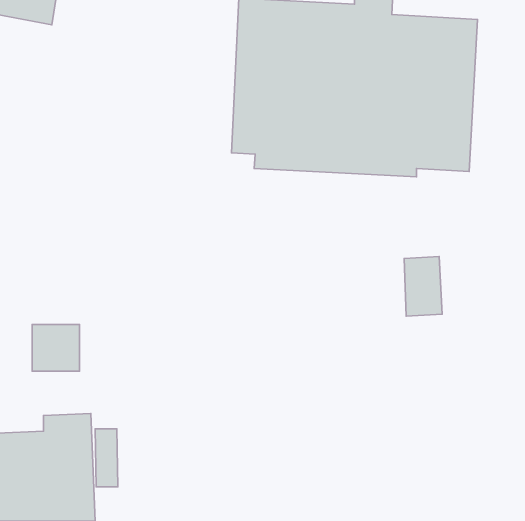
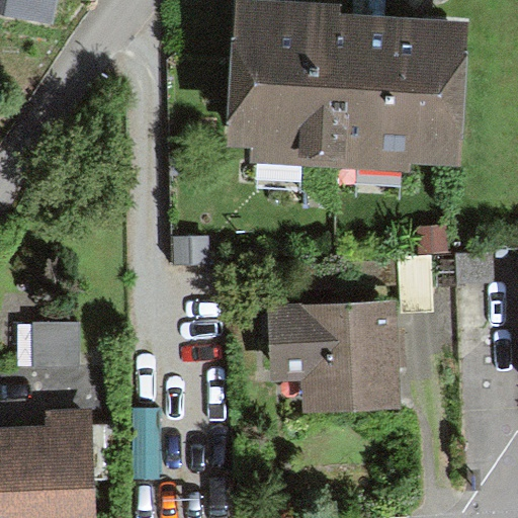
building: none -> [266,300,402,415]

